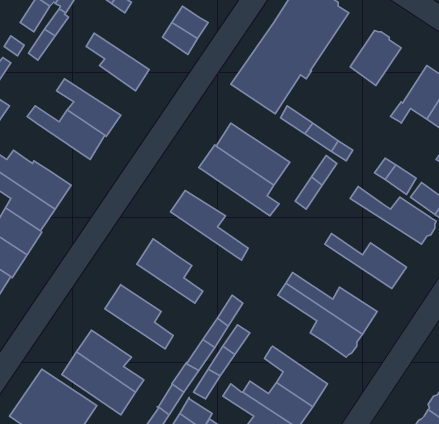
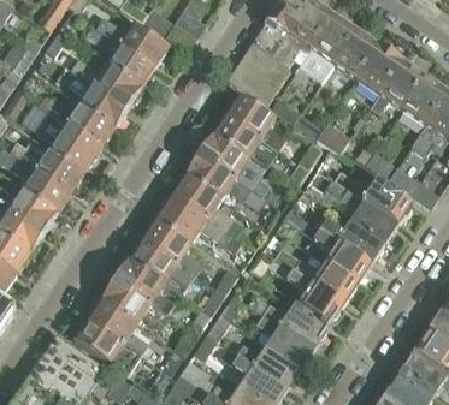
building: none -> [297,16,355,82]
building: none -> [96,18,167,66]
building: none -> [356,46,403,96]
building: none -> [71,59,142,107]
building: none -> [226,94,285,149]
building: none -> [37,114,100,169]
building: none -> [185,154,265,212]
building: none -> [325,179,397,243]
building: none -> [156,193,241,252]
building: none -> [283,209,371,282]
building: none -> [129,240,194,294]
building: none -> [101,280,167,327]
building: none -> [248,294,330,347]

